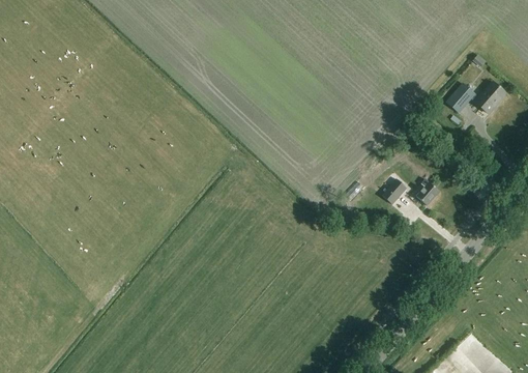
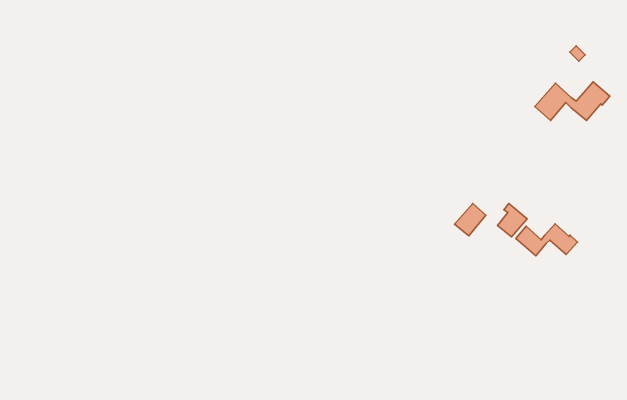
building: none -> [516,224,578,256]

